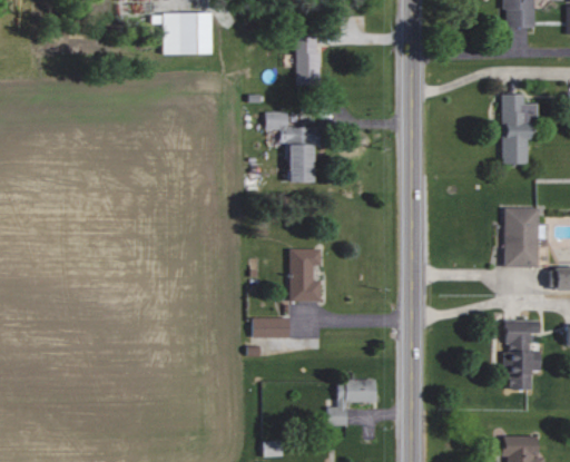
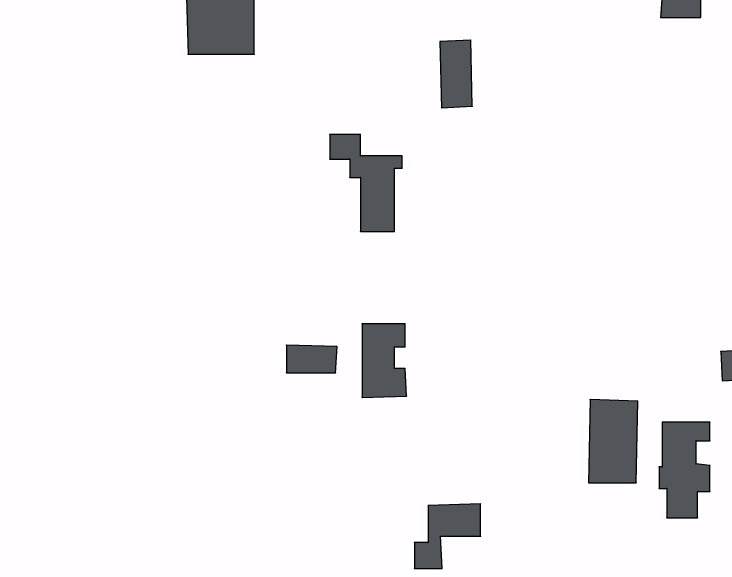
building: [296,35,320,83] -> [440,40,472,108]
building: [502,94,535,164] -> none
building: [503,207,539,267] -> [589,400,638,483]
building: [253,317,289,337] -> [286,345,337,373]

